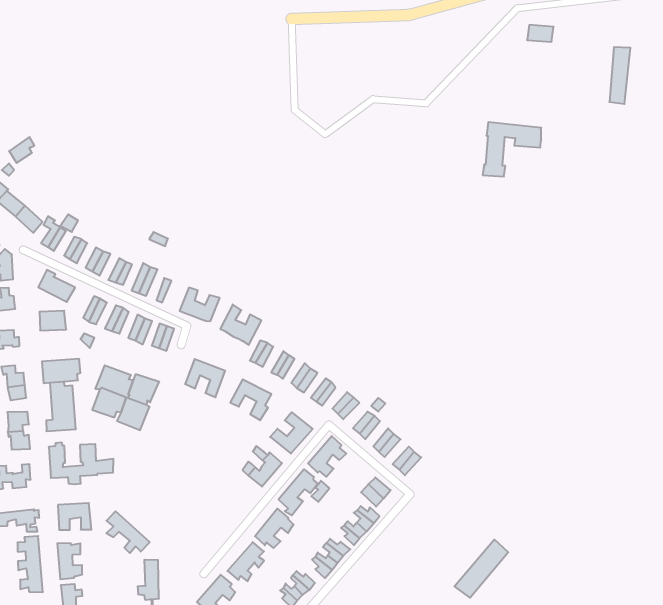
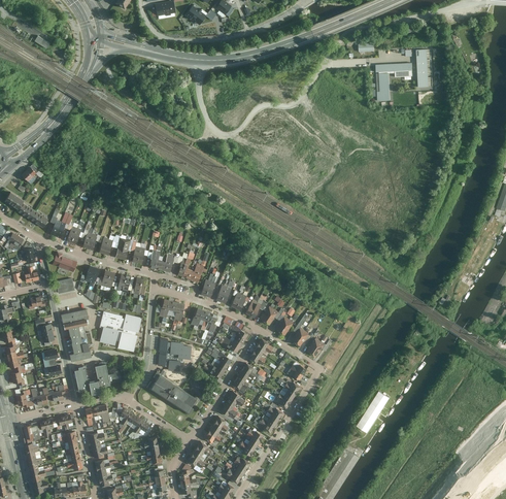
building: [483,122,541,177] -> [376,62,413,99]
building: none -> [158,338,192,371]
building: none -> [153,374,201,414]

